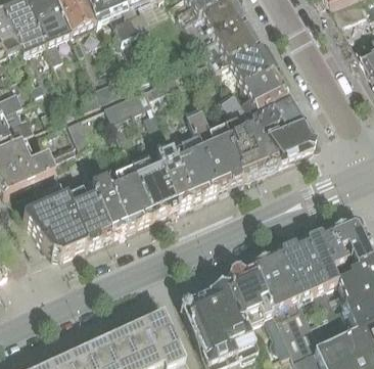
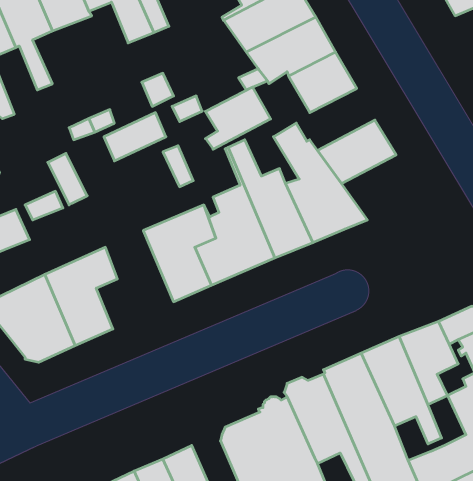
building: [243,68,287,110] -> [205,87,271,149]
building: [265,113,316,157] -> none
building: [99,165,151,231] -> none

